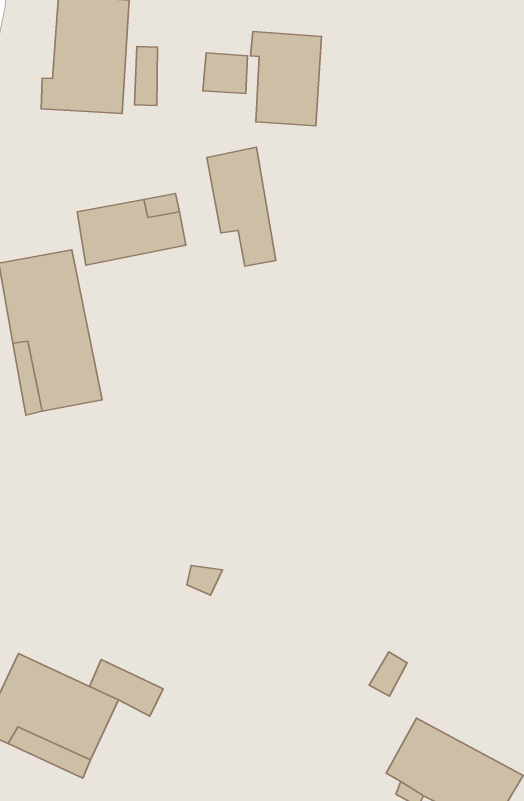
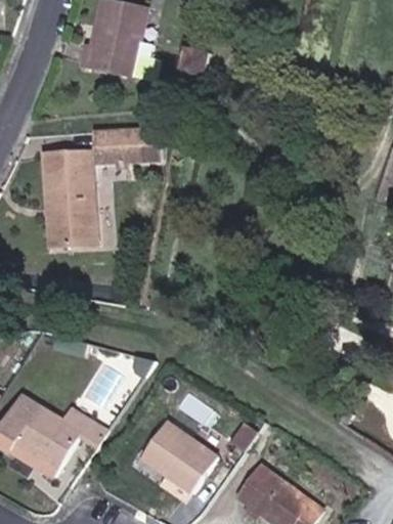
building: [250,32,322,126] -> none
building: [207,147,276,266] -> none
building: none -> [142,422,216,492]

